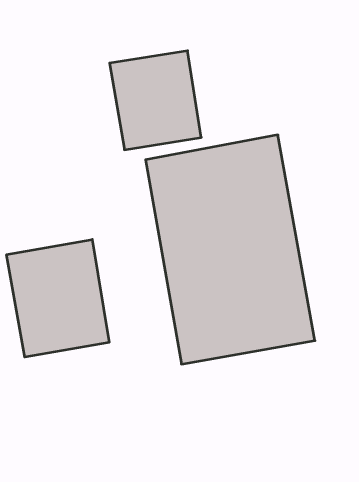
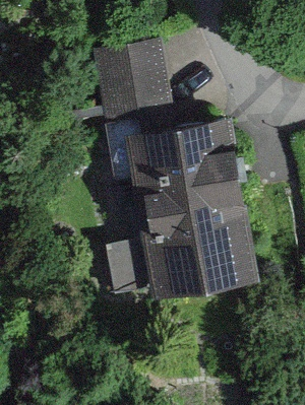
building: [7,239,109,357] -> none

